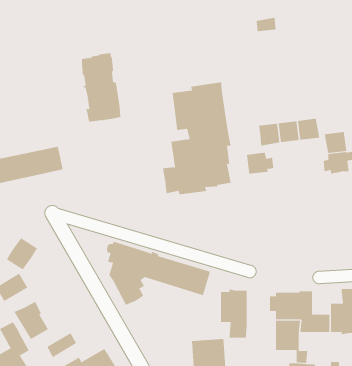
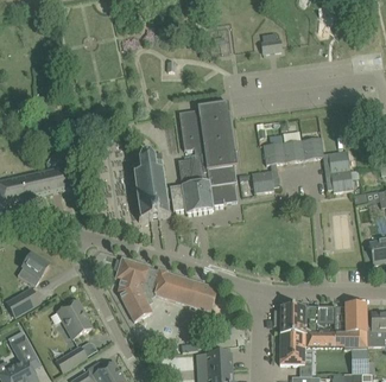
building: [81,53,121,122] -> [131,152,170,219]
building: [220,288,247,339] -> none
building: [13,301,49,340] -> [56,300,90,338]

